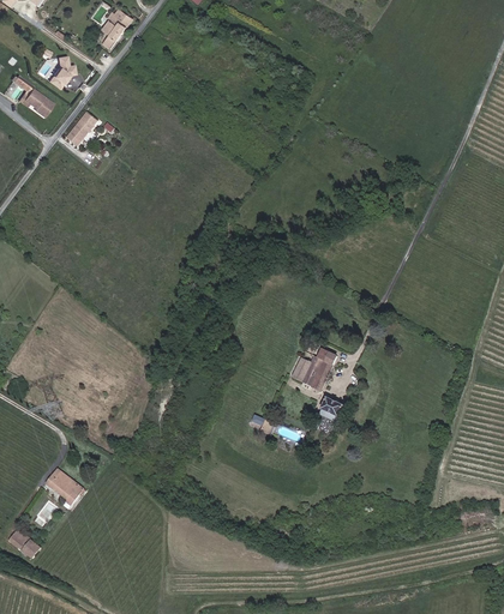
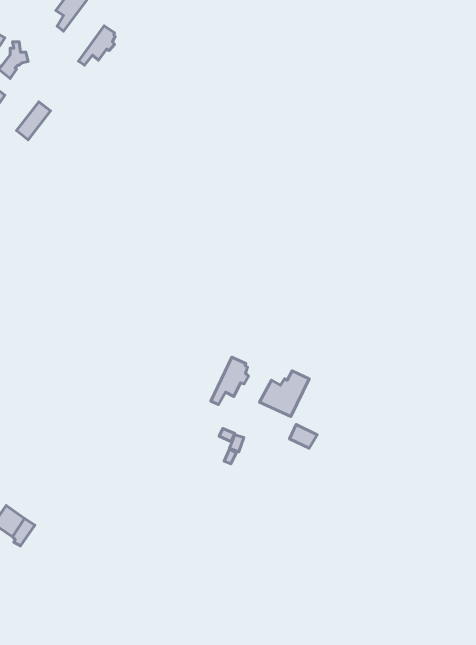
building: none -> [79,26,115,65]
building: none -> [211,357,249,404]

